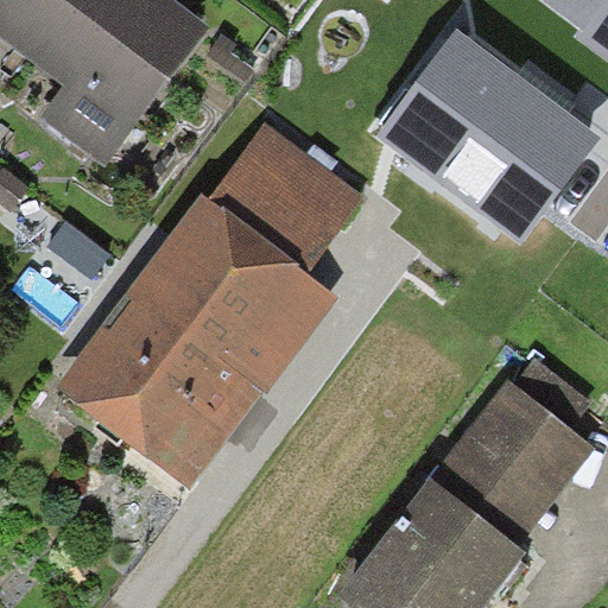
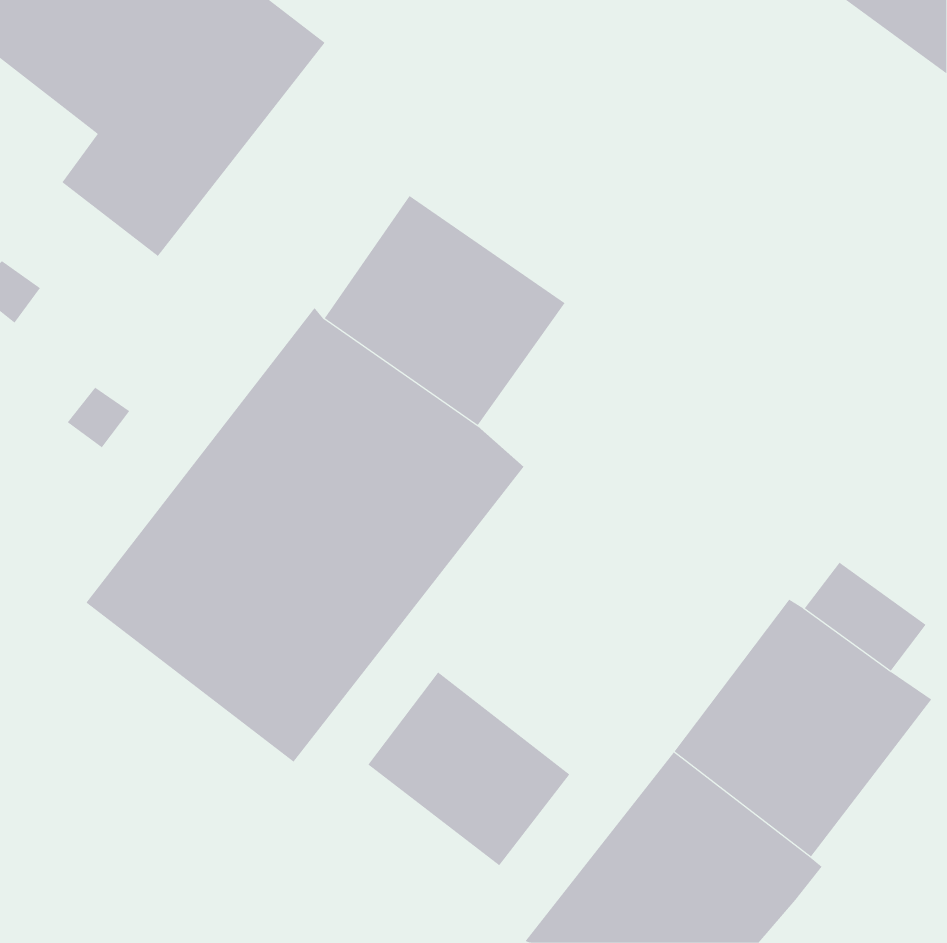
building: [384,34,596,238] -> none
building: none -> [368,671,570,866]

